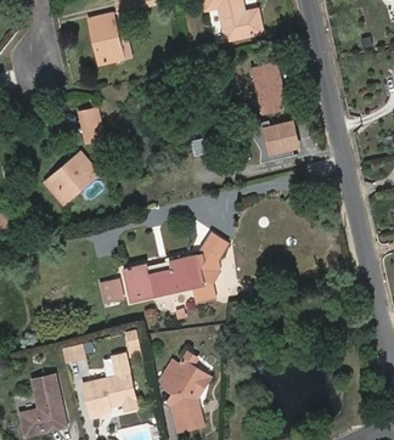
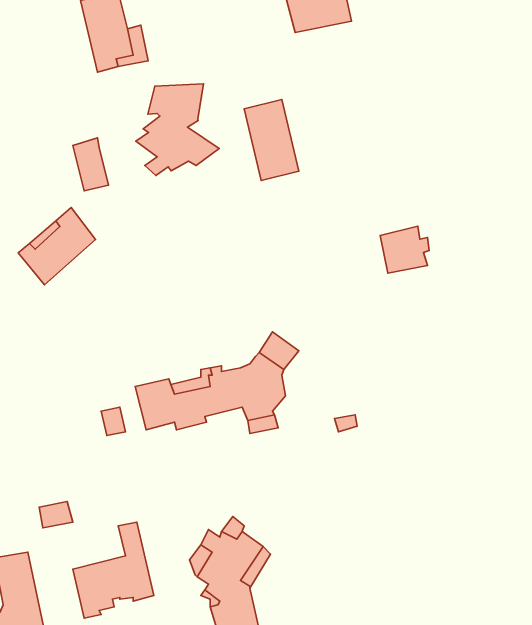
building: [251,62,286,114] -> [244,99,299,180]
building: none -> [136,84,219,176]
building: [265,123,297,153] -> [380,226,429,273]

